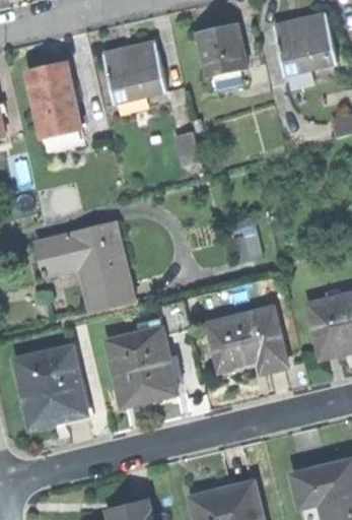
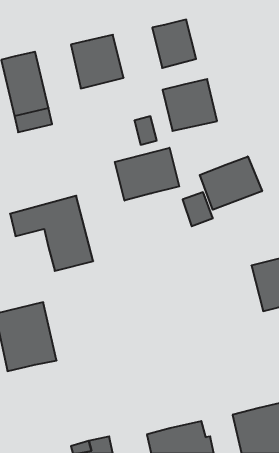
building: [273,14,335,73] -> [163,79,217,131]
building: none -> [115,148,179,201]
building: none -> [200,156,262,210]
building: [211,308,287,370] -> none
building: [110,317,178,402] -> none

